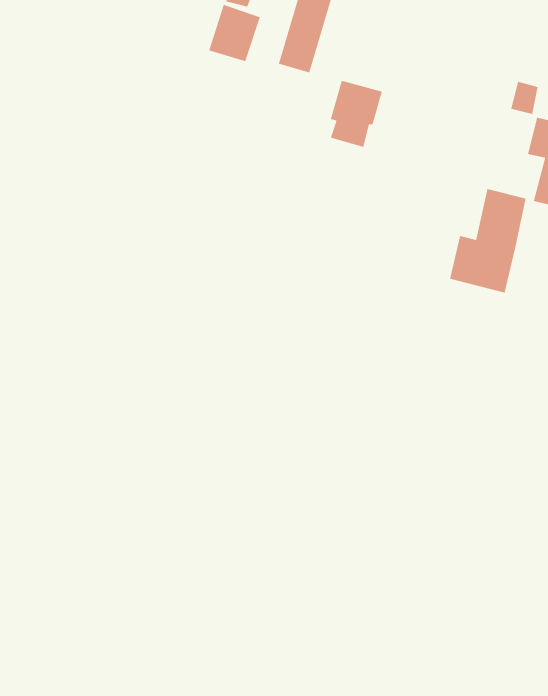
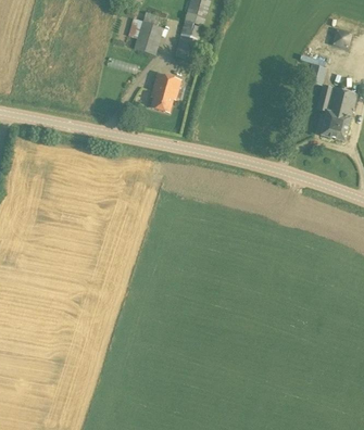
building: [330,80,383,148] -> [149,72,179,111]
building: [449,188,527,293] -> none

